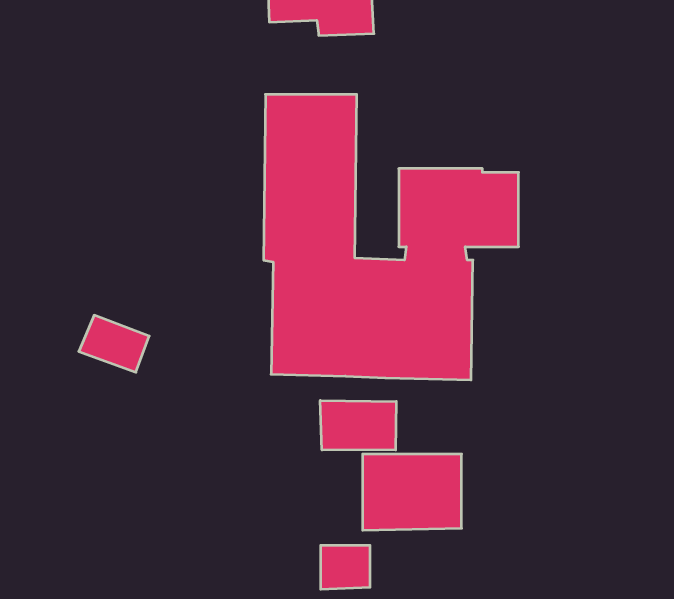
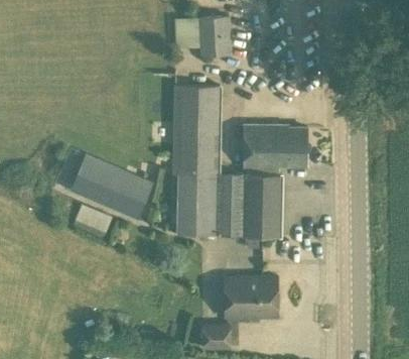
building: none -> [70,154,153,220]
building: [320,400,396,450] -> none

